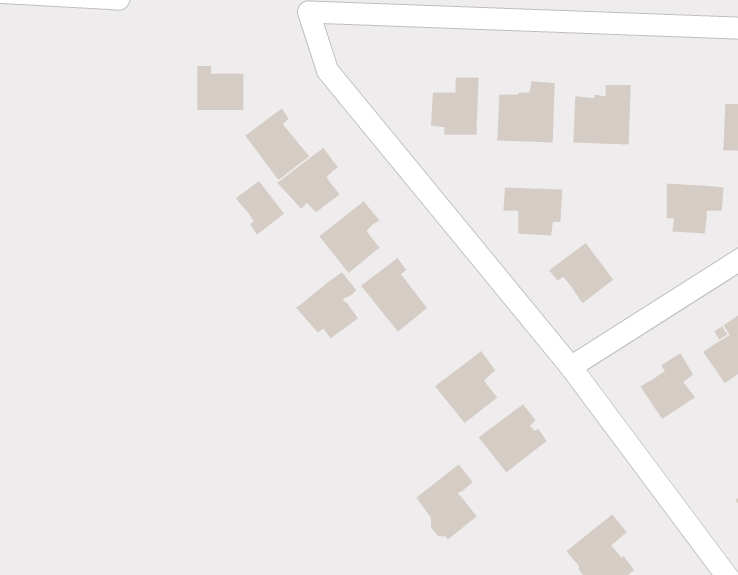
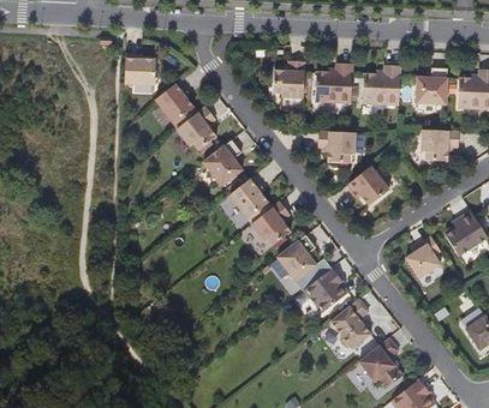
building: none -> [416,67,447,106]
building: [235,180,285,236] -> none
building: [295,271,359,339] -> [250,202,291,245]
building: [415,463,478,541] -> [330,299,370,348]

